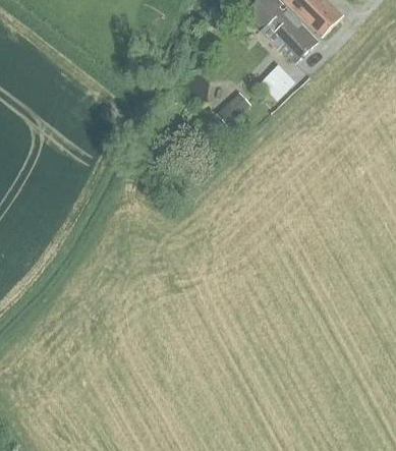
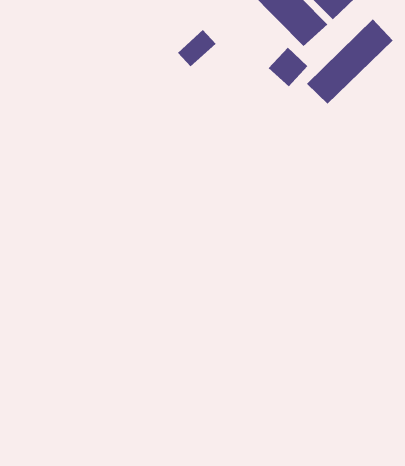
building: none -> [306,19,394,105]
building: [215,91,250,125] -> [177,29,216,67]

